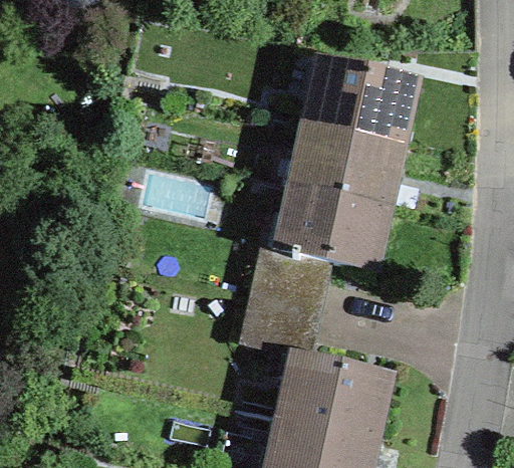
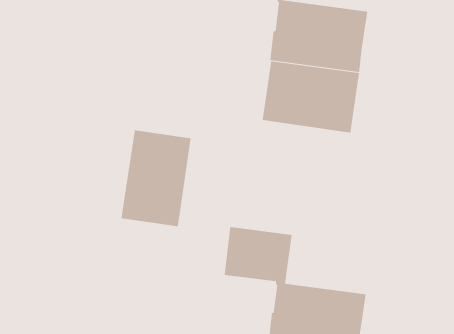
building: none -> [121,130,191,227]
building: [252,185,388,307] -> none

